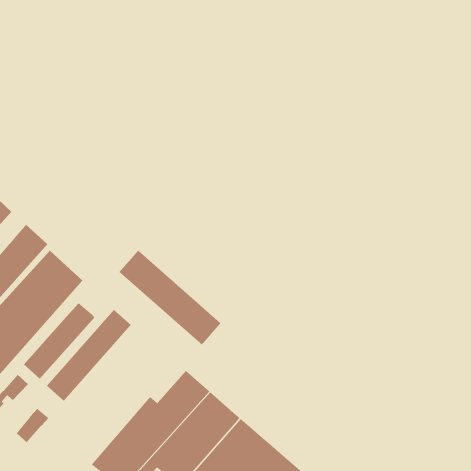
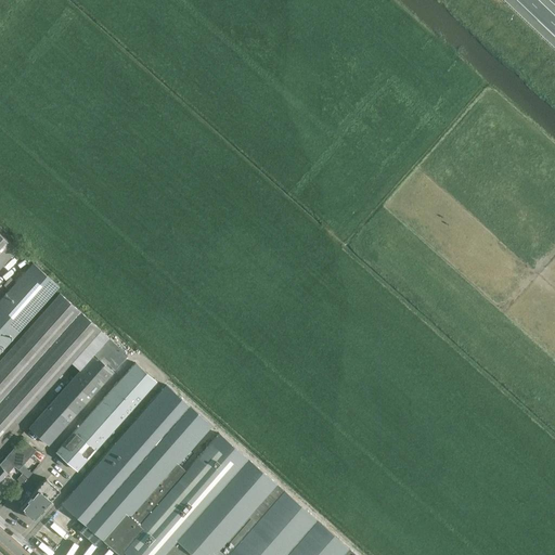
building: [119,250,221,346] -> none
building: none -> [92,340,125,372]
building: none -> [60,388,210,546]

